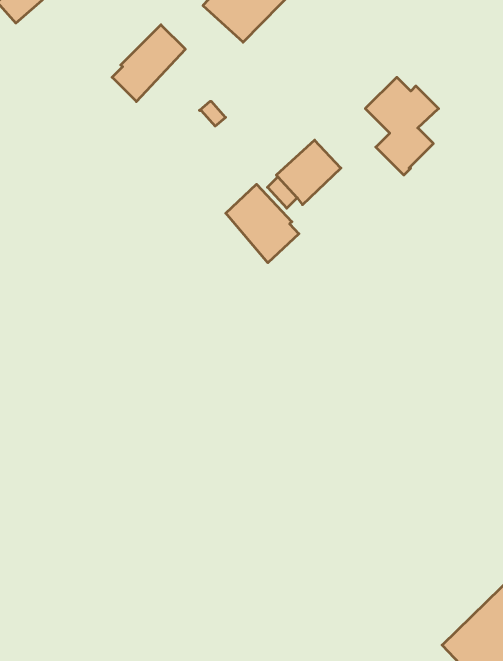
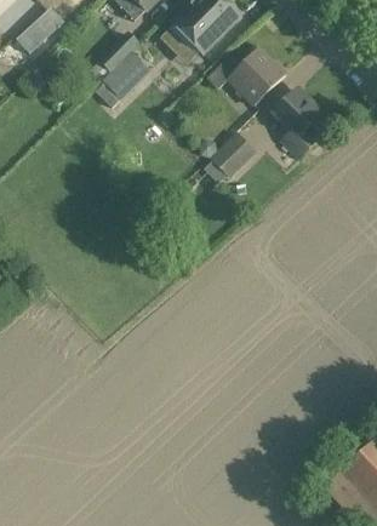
building: none -> [206,46,285,104]
building: [226,184,299,263] -> none

